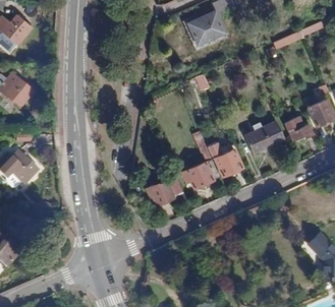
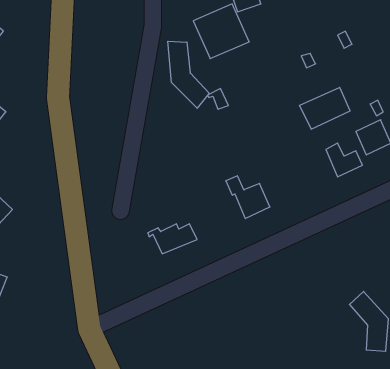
building: none -> [168,41,209,108]
building: [244,120,284,152] -> [299,87,350,129]
building: [181,129,220,187] -> none

